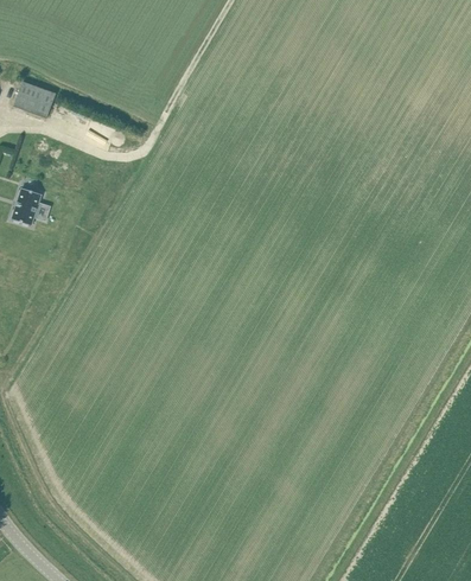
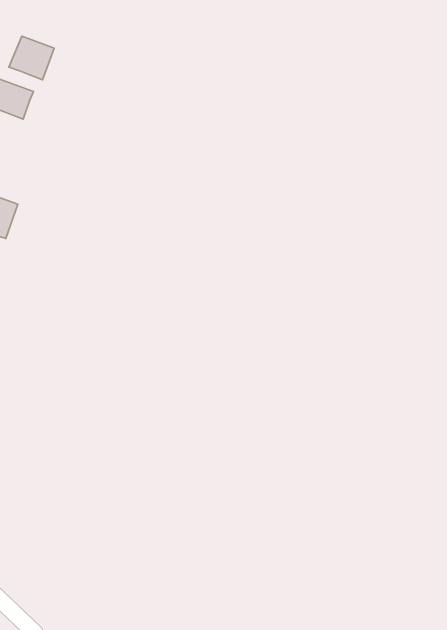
building: none -> [9,36,54,80]

